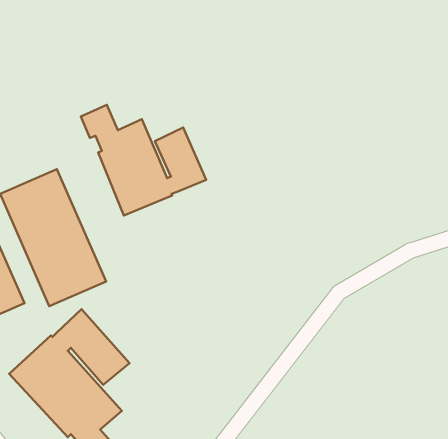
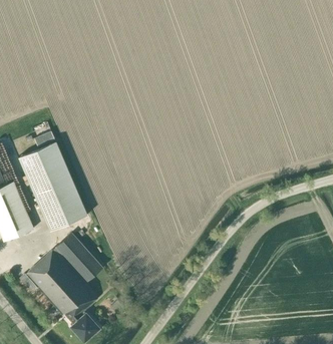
building: [81,105,206,216] -> none

